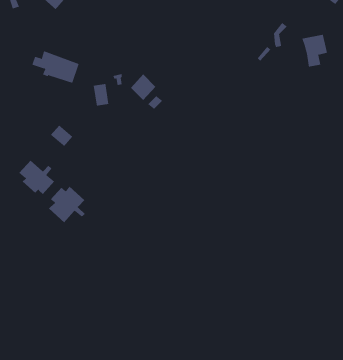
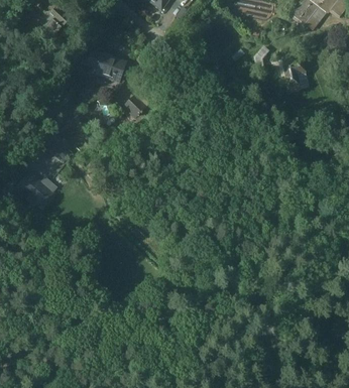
building: [31,51,79,83] -> [80,50,124,81]
building: [48,186,86,223] -> none

